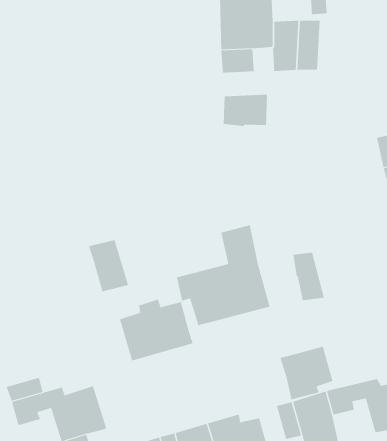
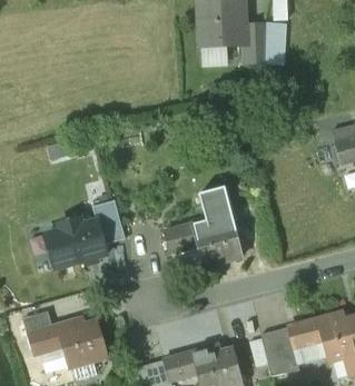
building: [223,94,268,127] -> none
building: [293,252,325,301] -> none
building: [119,299,194,361] -> [46,217,107,268]
building: [280,346,333,400] -> none

